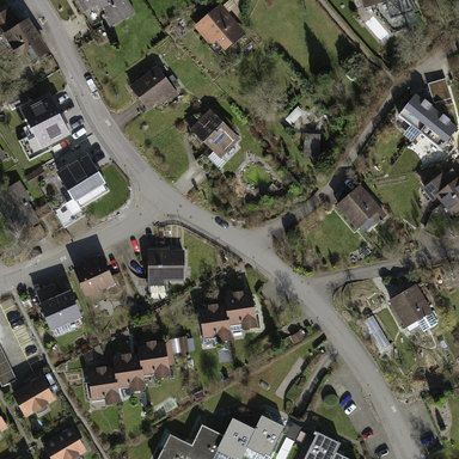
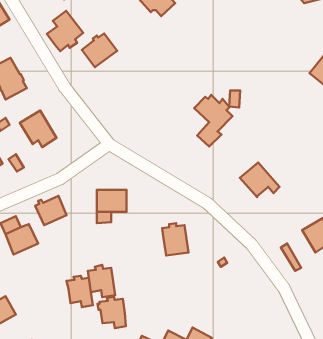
building: none -> [47,11,83,51]
building: [192,114,238,175] -> [194,95,233,147]
building: [338,186,385,227] -> [240,163,279,197]
building: [200,305,232,342] -> none
building: [86,367,120,404] -> [98,297,126,328]

